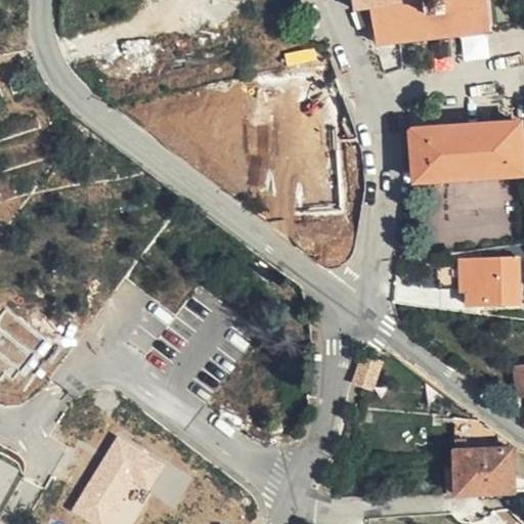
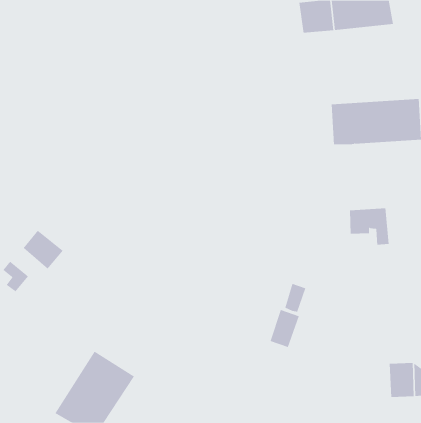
building: [480,255,518,302] -> none
building: none -> [23,230,63,269]
building: none -> [270,309,300,348]
building: [448,440,485,492] -> none

